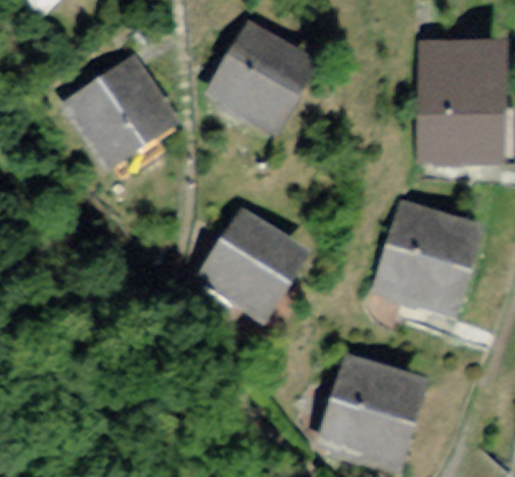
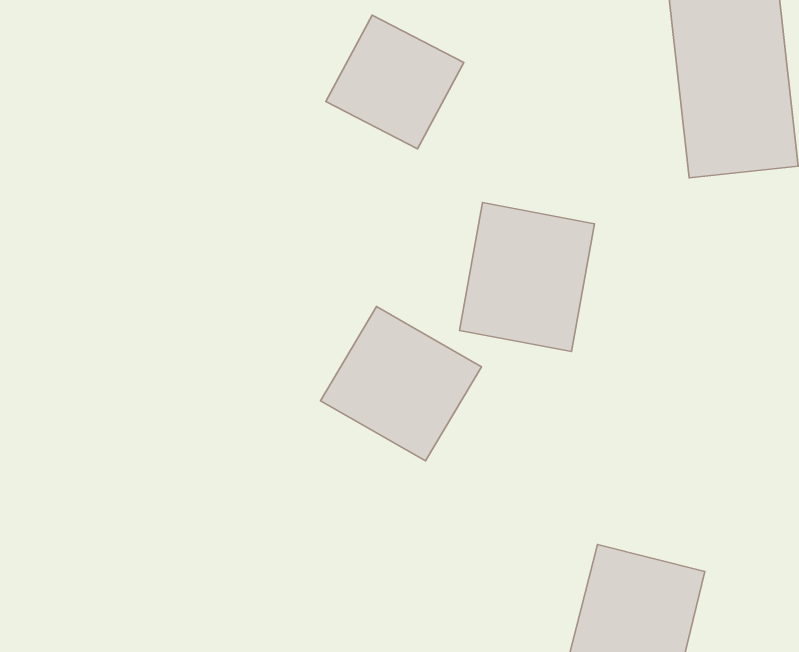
building: [62,60,165,159] -> none
building: [390,212,475,304] -> [460,203,595,352]

